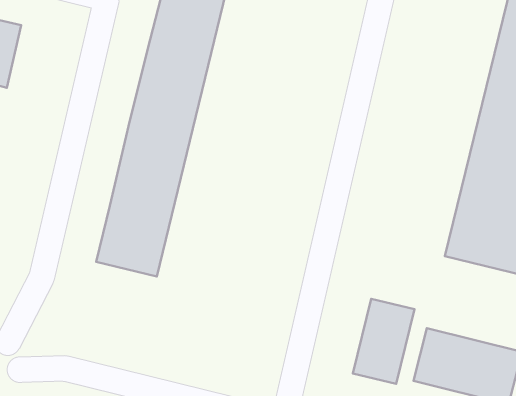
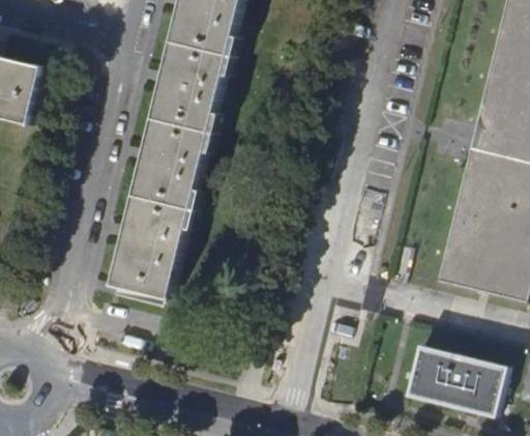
building: [353,299,414,384] -> none

